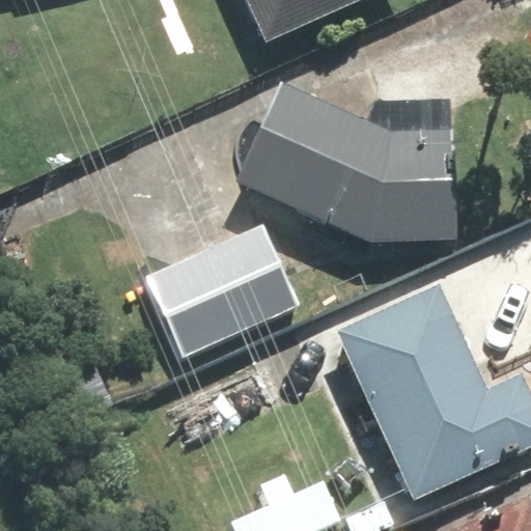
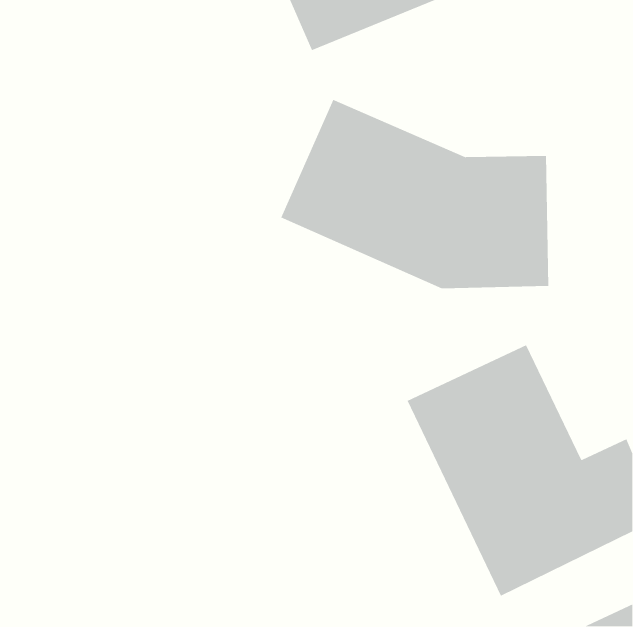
building: [145,225,305,359] -> none

